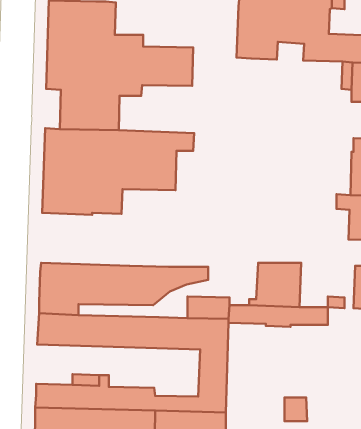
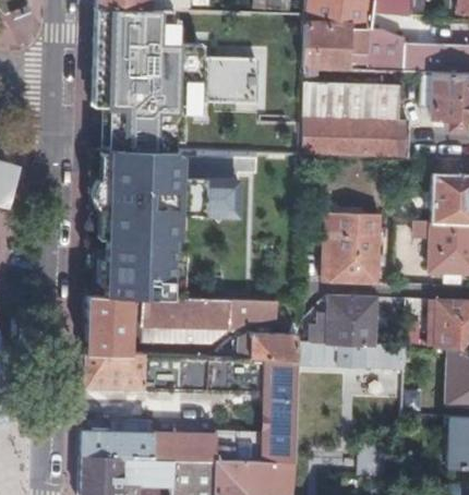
building: none -> [302,69,410,157]
building: none -> [322,210,381,282]
building: none -> [87,241,187,300]

